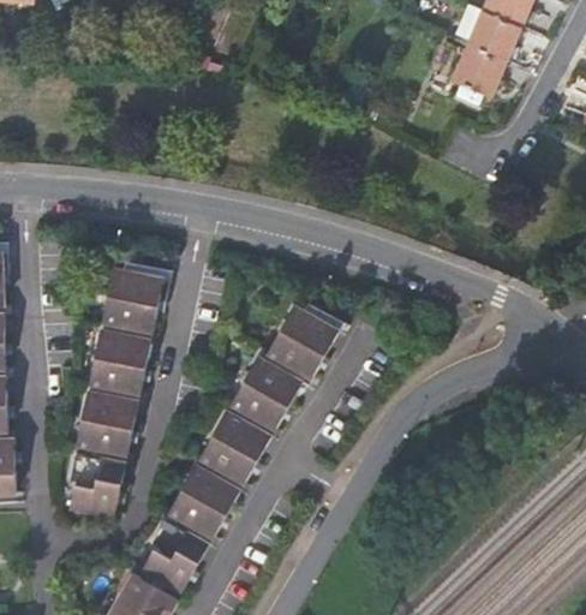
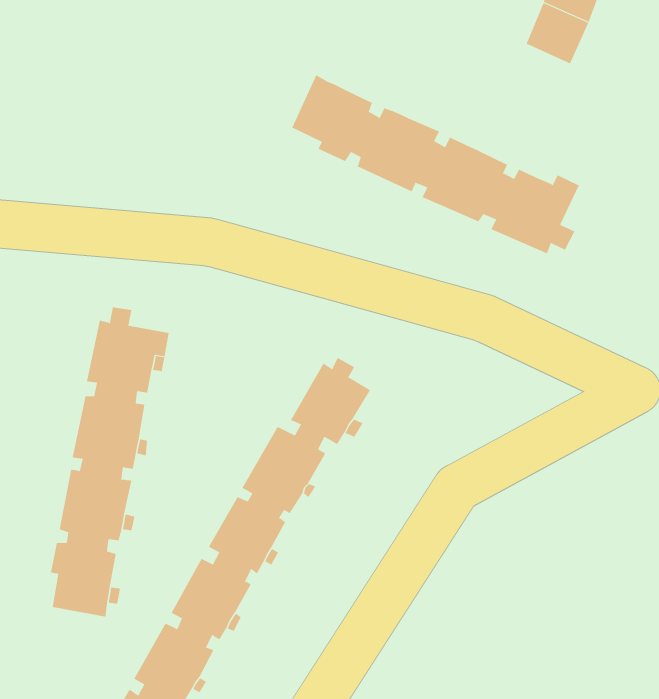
building: [453,38,504,89] -> none
building: none -> [291,74,579,254]

